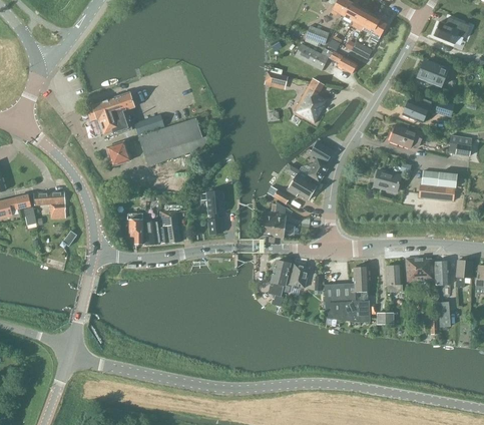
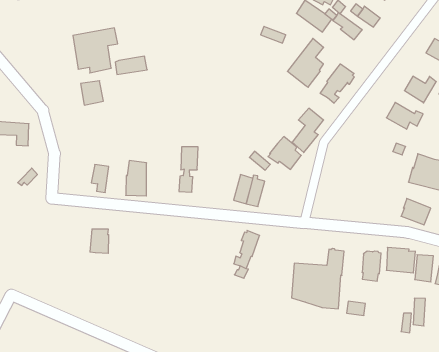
building: none -> [320,64,354,103]
building: [139,117,208,165] -> none
building: [374,168,400,190] -> [401,198,431,225]
building: [143,221,161,244] -> [90,229,109,253]
building: [289,263,310,288] -> none

